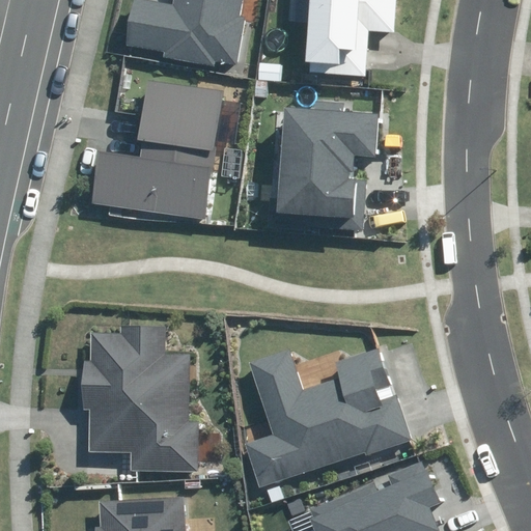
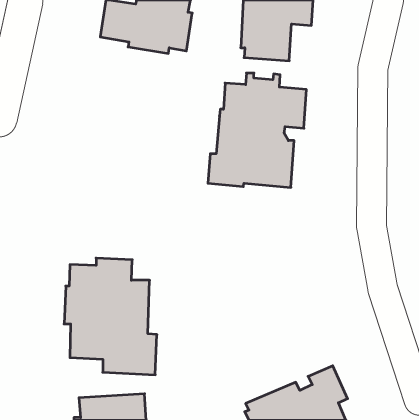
building: [83,67,235,228] -> none
building: [244,348,410,486] -> none

